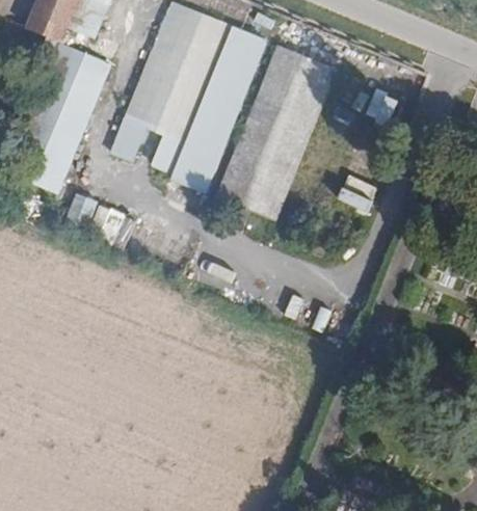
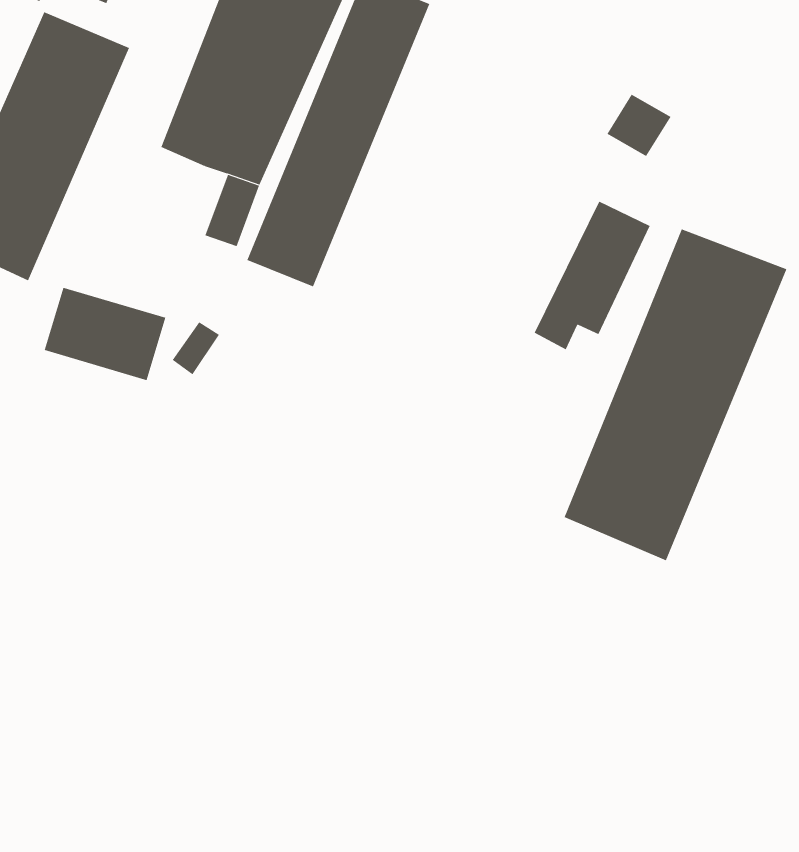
building: [216,46,337,221] -> none
building: [113,118,149,161] -> none
building: none -> [564,228,787,561]

